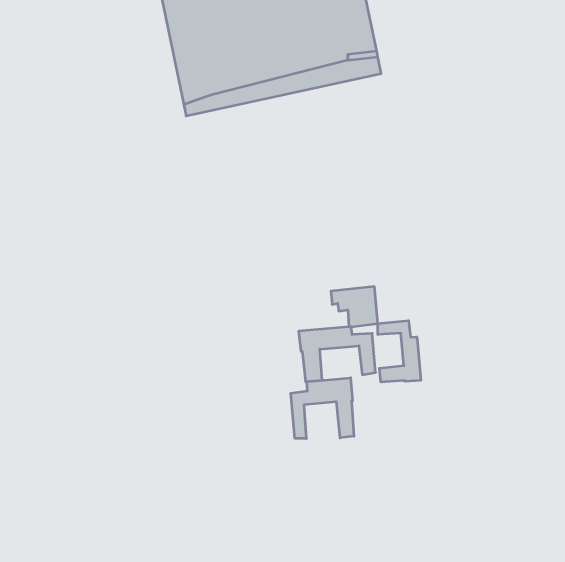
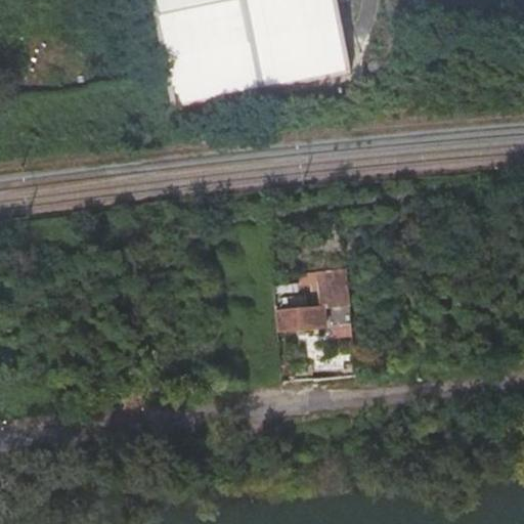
building: [378,321,421,382] -> none
building: [291,378,354,439] -> none

